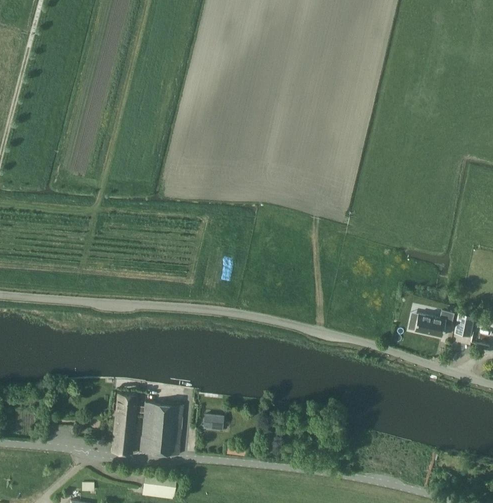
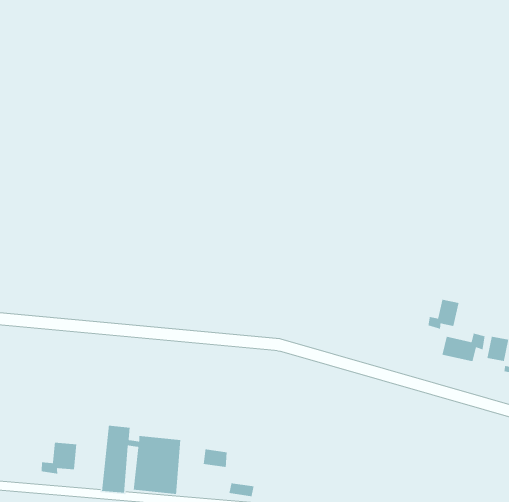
building: none -> [428,299,460,330]
building: none -> [41,442,77,475]

